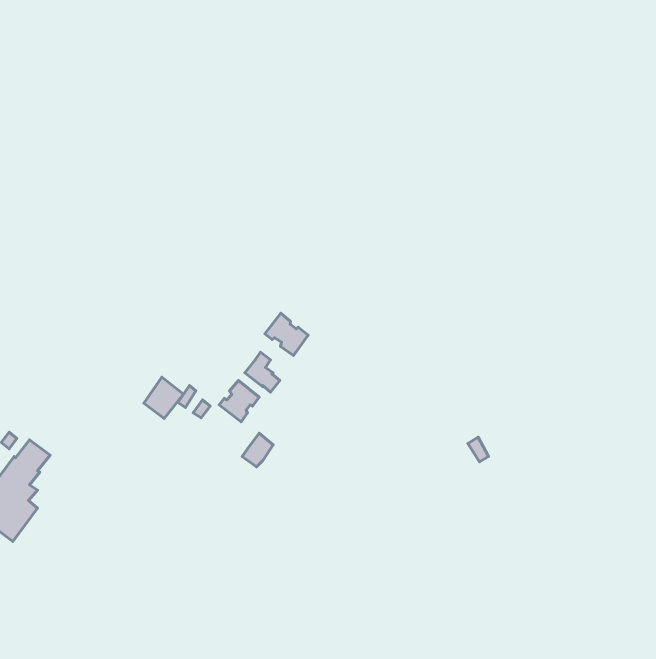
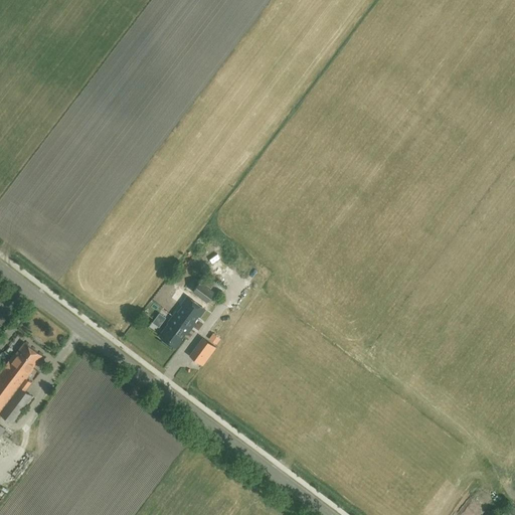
building: [265,313,308,356] -> none
building: [144,377,184,419] -> [157,316,188,348]

